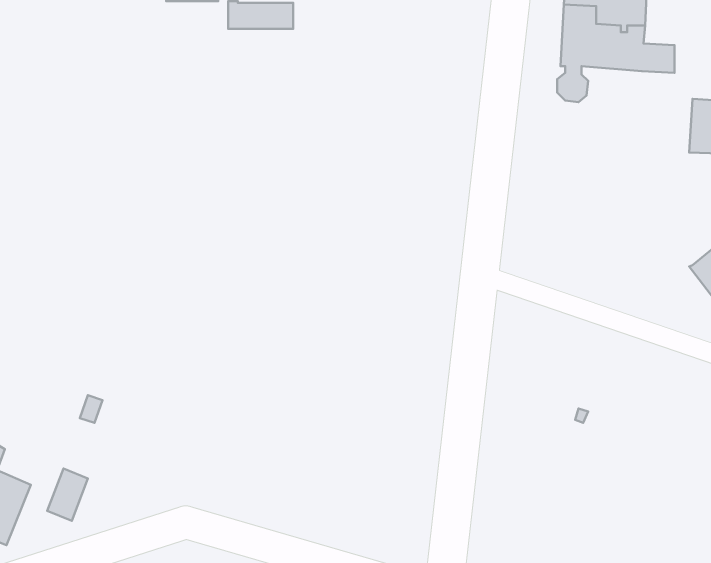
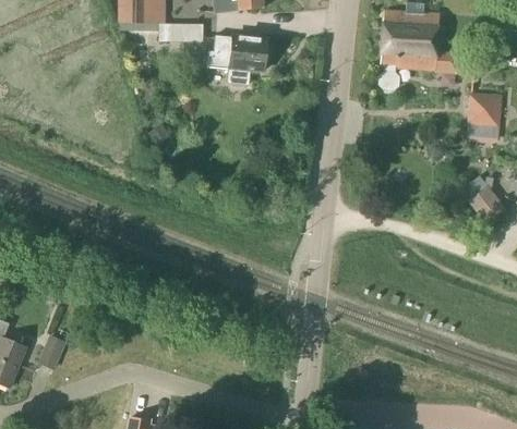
building: none -> [207,35,270,85]

